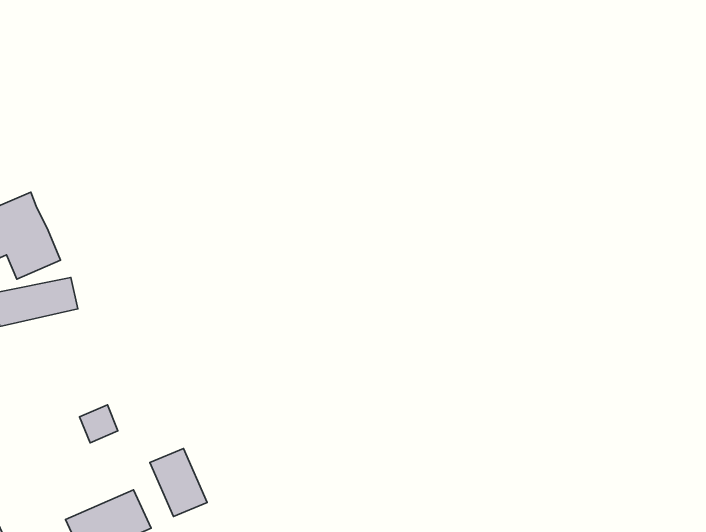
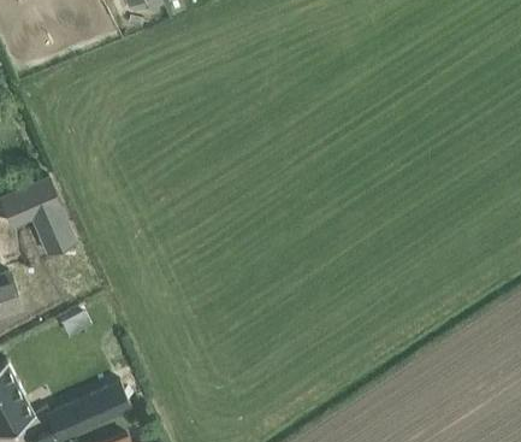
building: [150,449,207,517] -> none

